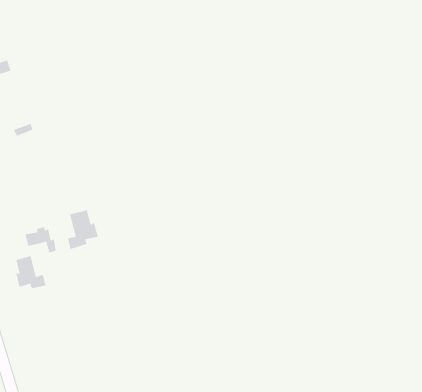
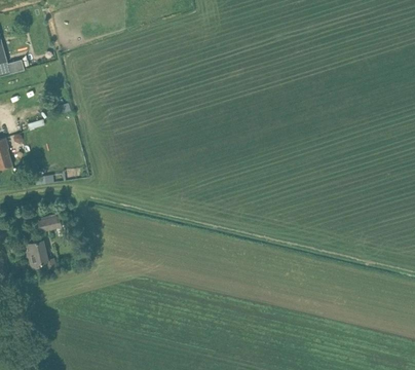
building: [67,210,99,250] -> none

